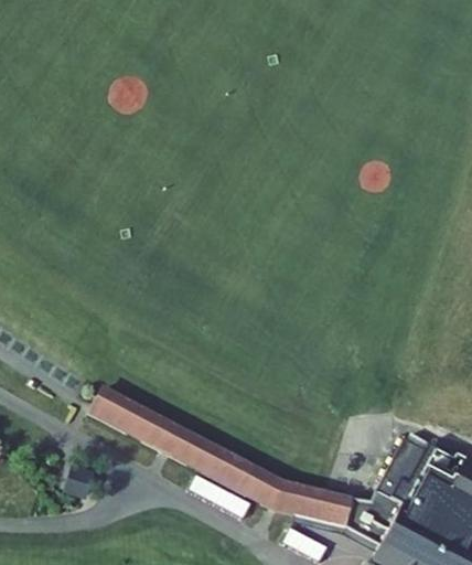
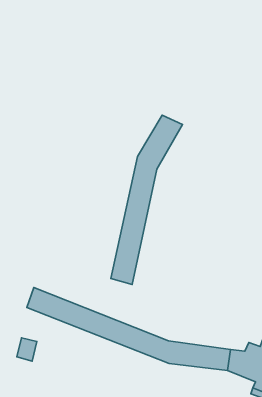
building: none -> [111,115,182,284]

